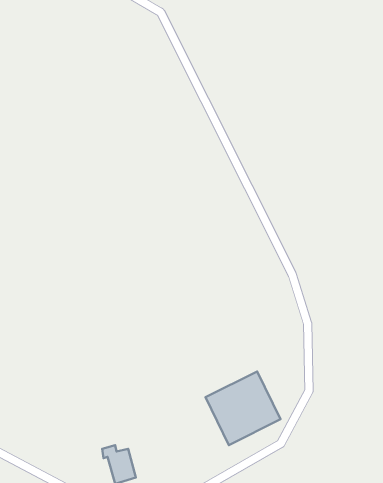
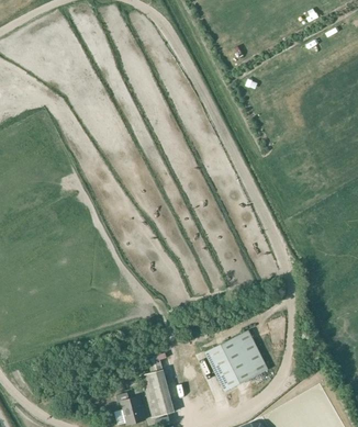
building: none -> [141,369,175,417]

